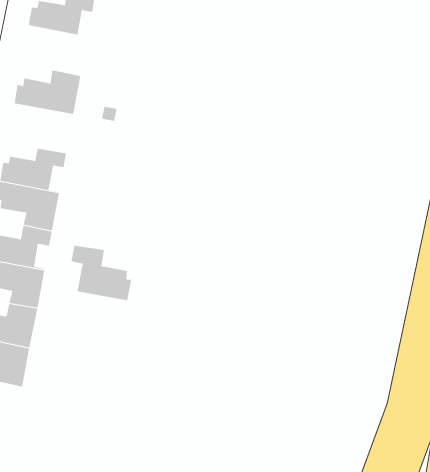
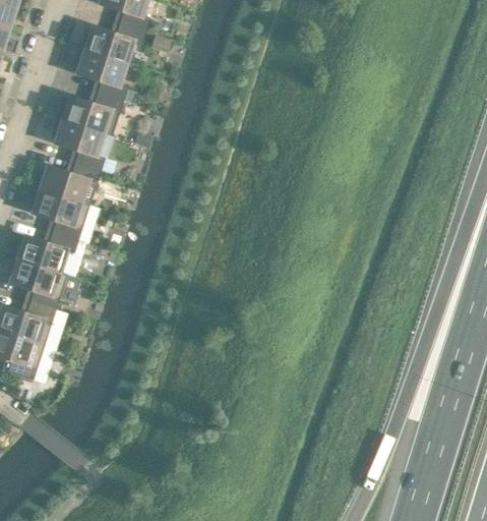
building: none -> [73,49,126,102]
building: none -> [51,119,111,171]
building: [66,245,132,301] -> none

